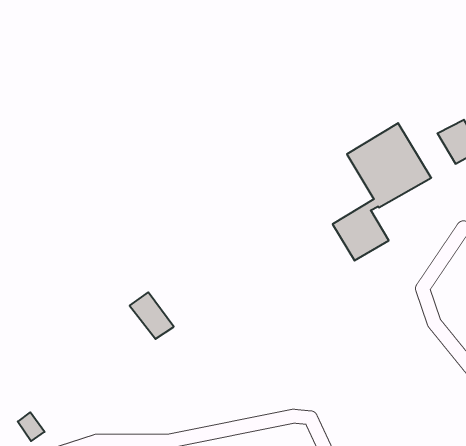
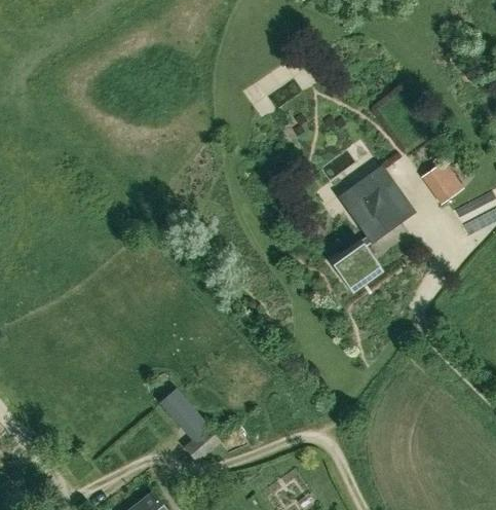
building: [130,292,174,339] -> [161,390,202,431]
building: none -> [188,429,222,462]

